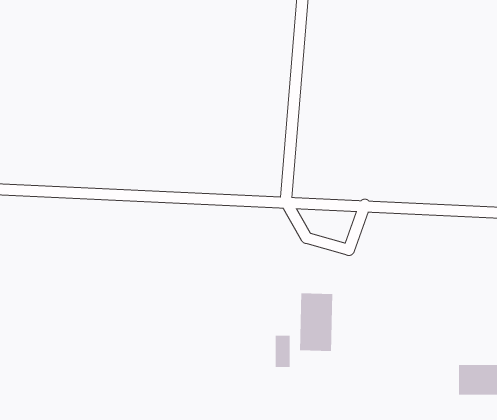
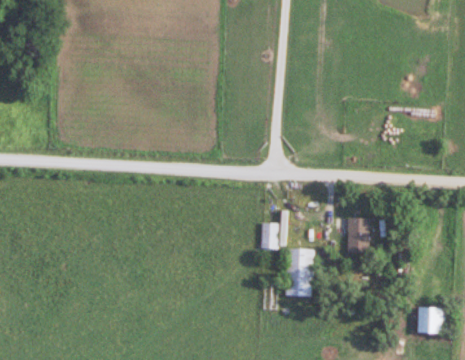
building: none -> [348,218,370,253]
building: none -> [262,223,280,248]

